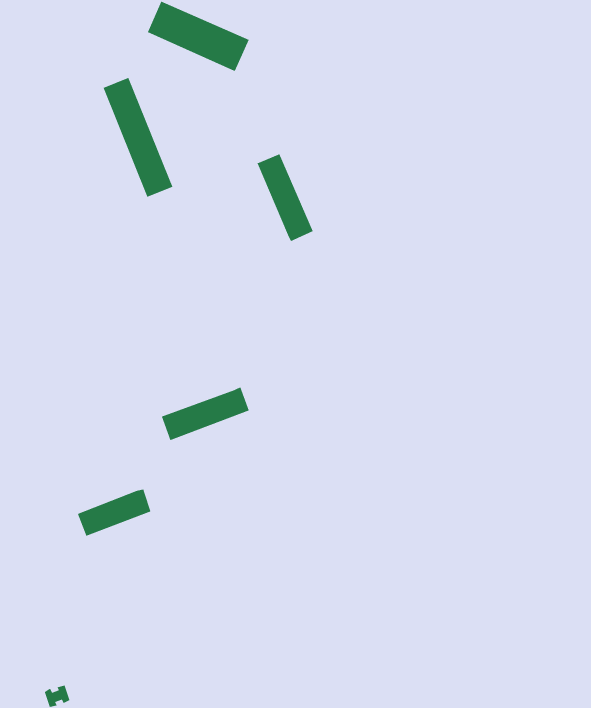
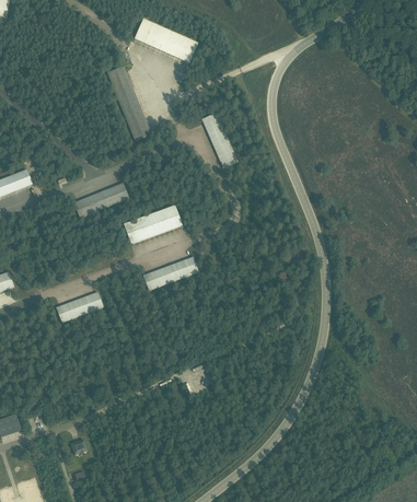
building: none -> [72,183,128,218]
building: none -> [123,205,182,244]
building: [77,489,151,537] -> [56,292,102,322]

